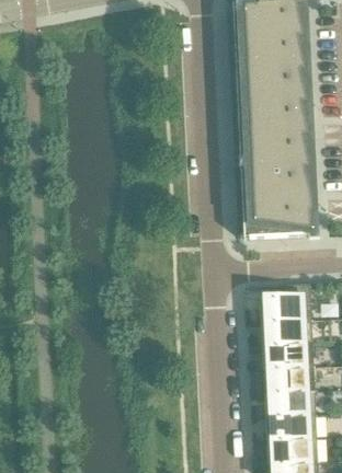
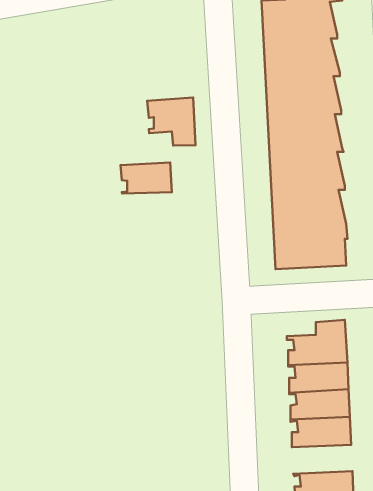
building: none -> [147,98,196,146]
building: none -> [121,163,172,194]
building: [263,390,316,415] -> none

